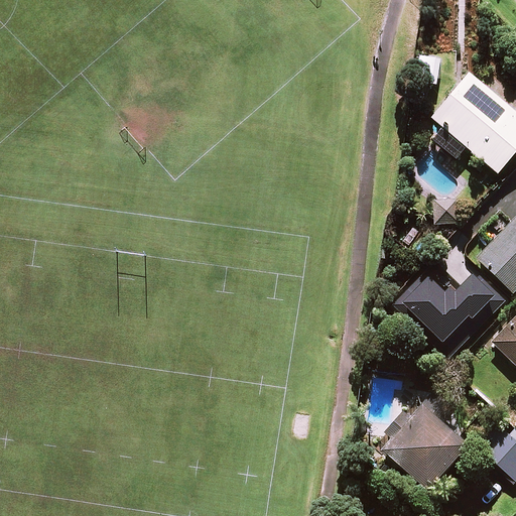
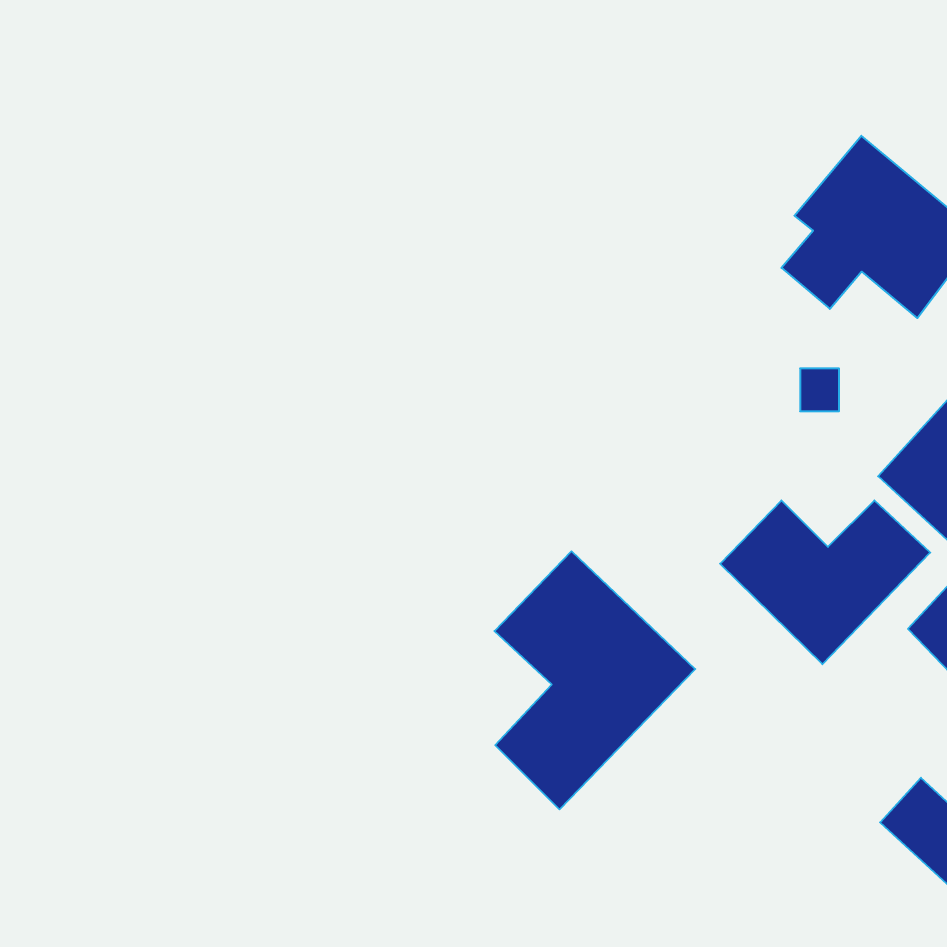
building: none -> [494,551,695,809]
building: [383,401,470,488] -> none

